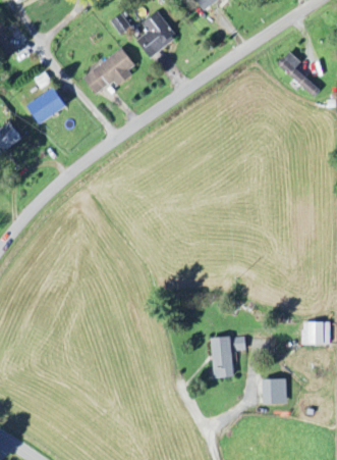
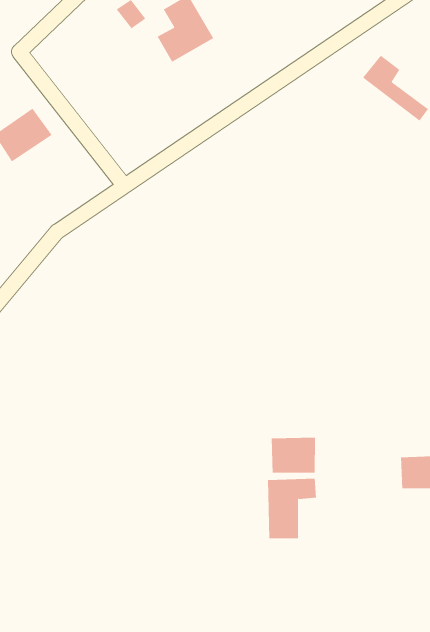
building: [83,47,137,94] -> none
building: none -> [271,437,315,473]
building: [262,379,286,404] -> none

